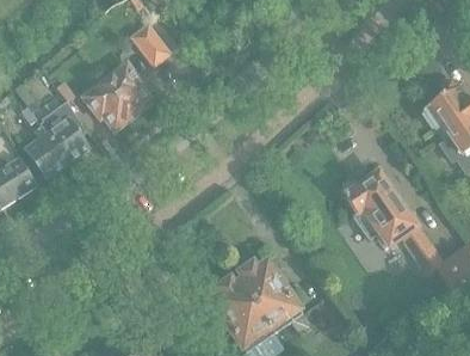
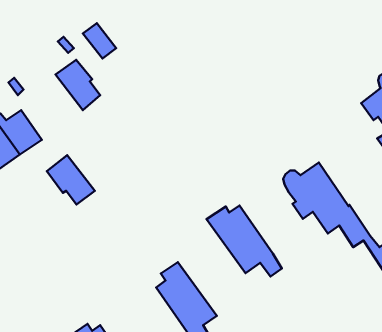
building: [82,79,132,130] -> [47,155,95,204]
building: [231,260,310,334] -> [206,206,282,276]

